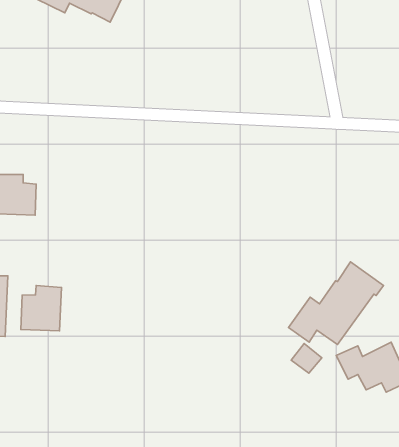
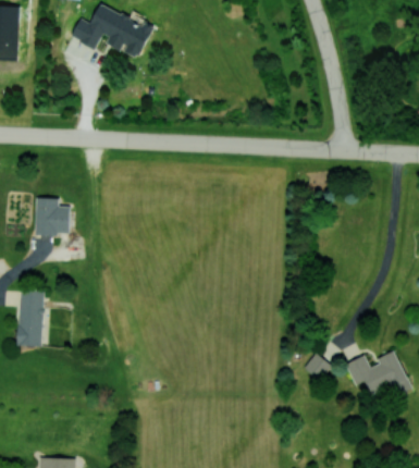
building: [288,262,383,345] -> none
building: [21,286,61,331] -> none

